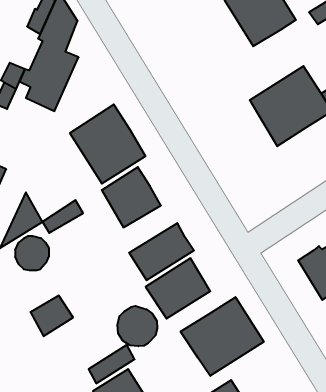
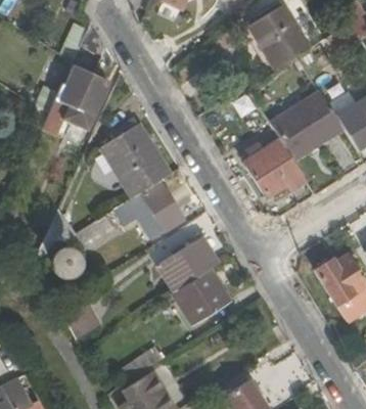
building: none -> [242,138,307,200]
building: [181,297,264,376] -> none
building: [117,306,157,346] -> none

